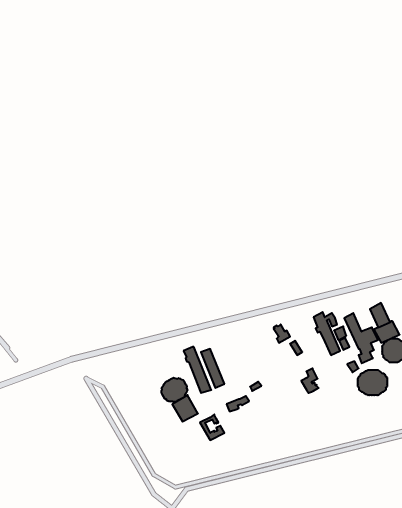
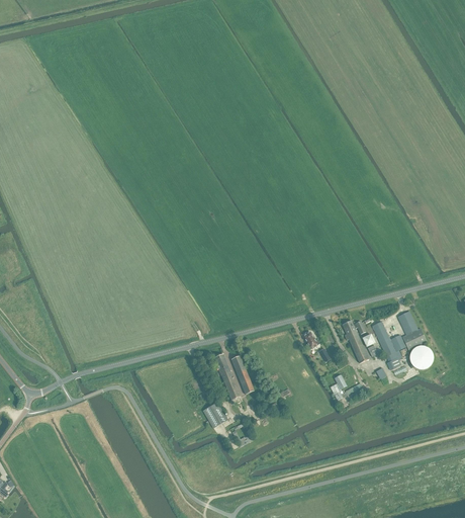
building: [358,370,387,395] -> none
building: [162,378,187,402] -> none

